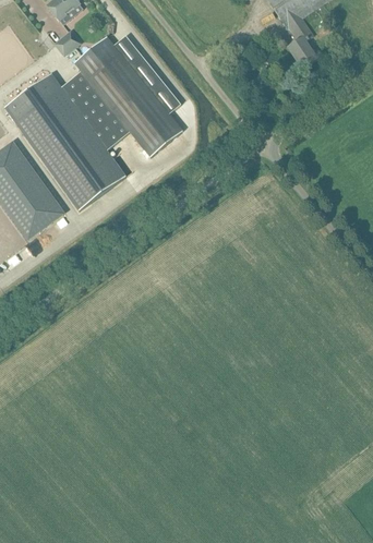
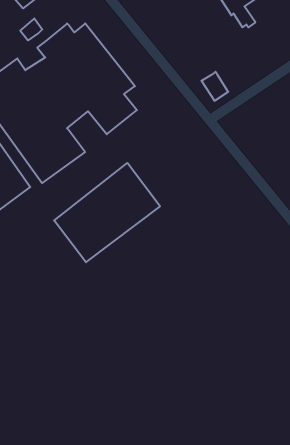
building: [287,36,316,68] -> [201,72,228,101]
building: none -> [54,163,160,262]

